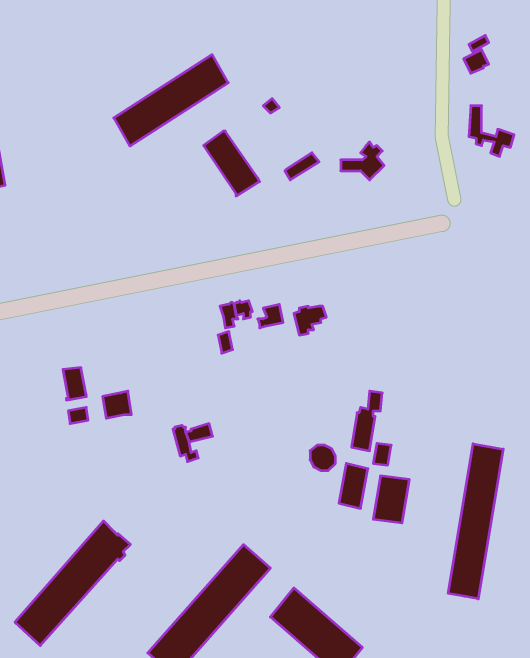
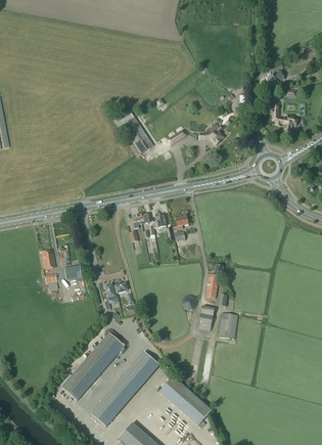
building: [114,55,228,146] -> none
building: [448,444,503,599] -> none
building: [15,521,130,646] -> [61,329,127,400]

